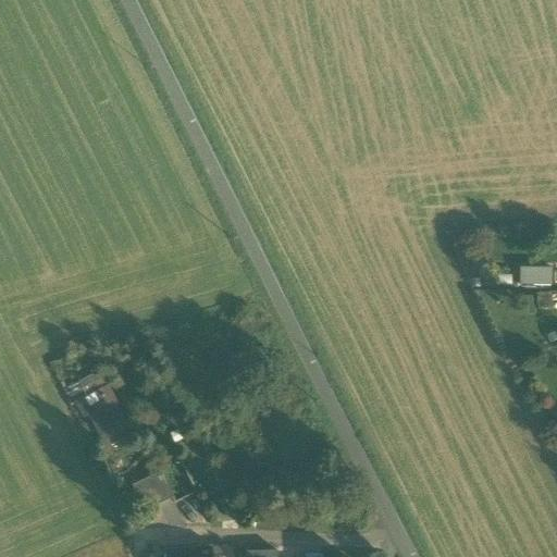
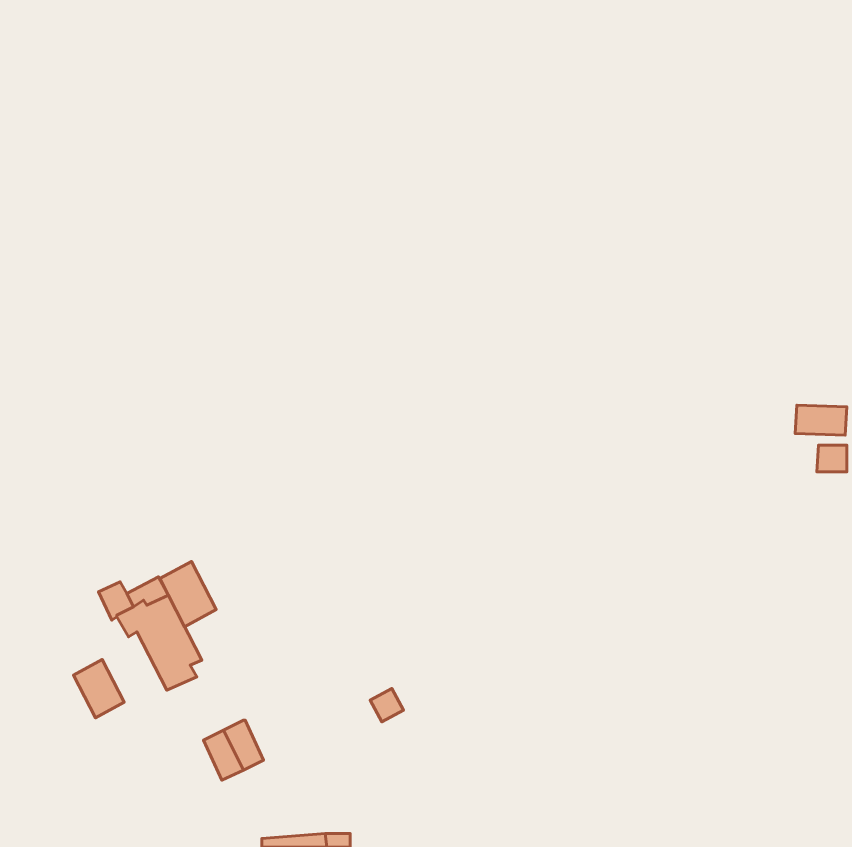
building: none -> [160,561,216,627]
building: none -> [73,659,124,718]

